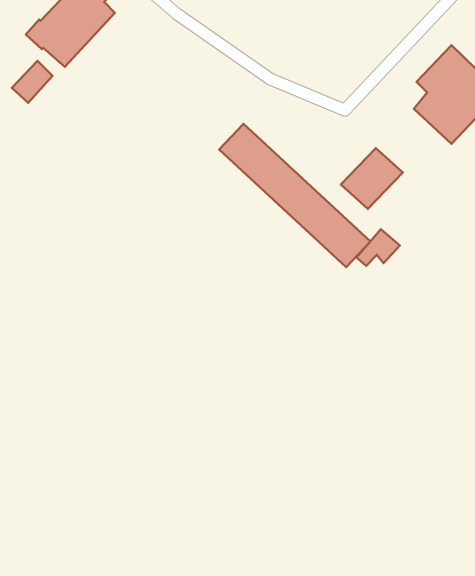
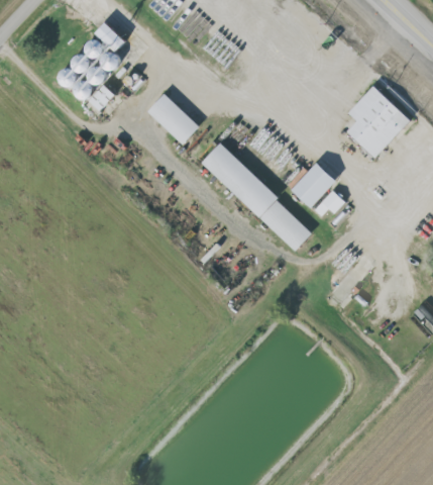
building: none -> [147,93,200,144]
building: [12,61,52,103] -> [85,84,115,115]
building: [357,229,400,266] -> [313,189,345,216]

